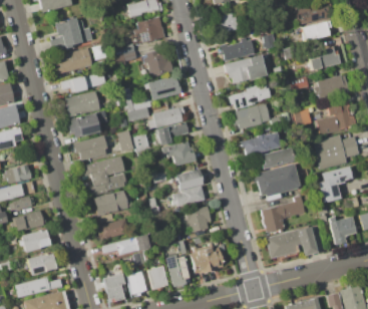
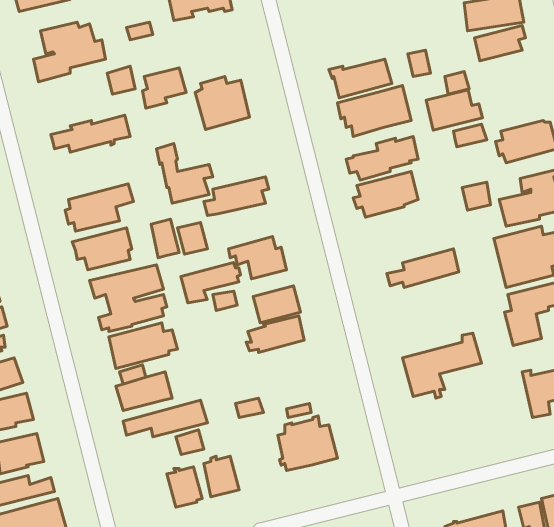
building: [211,11,240,35] -> none
building: [133,16,164,42] -> none
building: [308,46,340,69] -> [426,90,482,130]
building: [55,47,92,73] -> none
building: [144,75,181,100] -> none
building: [65,90,100,116] -> none
building: [155,121,190,144] -> [181,262,241,303]
building: [240,131,280,156] -> none
building: [253,164,299,200] -> none
building: [181,207,212,233] -> none
building: [266,227,318,259] -> none
building: [164,255,189,287] -> none
building: [103,274,124,301] -> none

